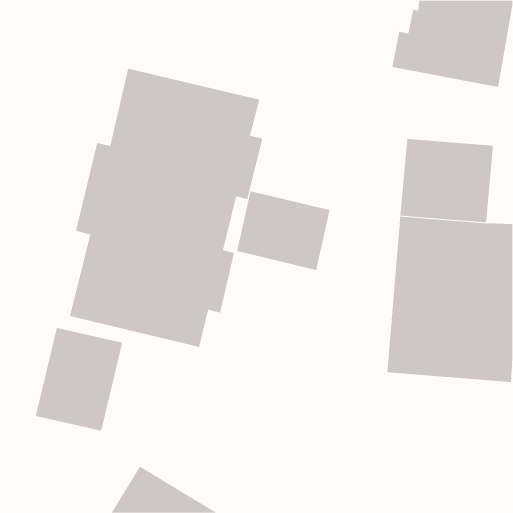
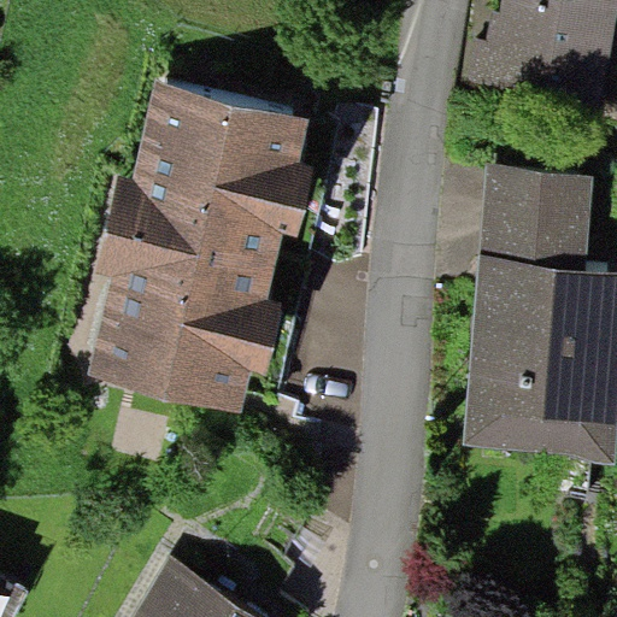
building: [236,191,330,271] -> none
building: [35,327,123,431] -> none

